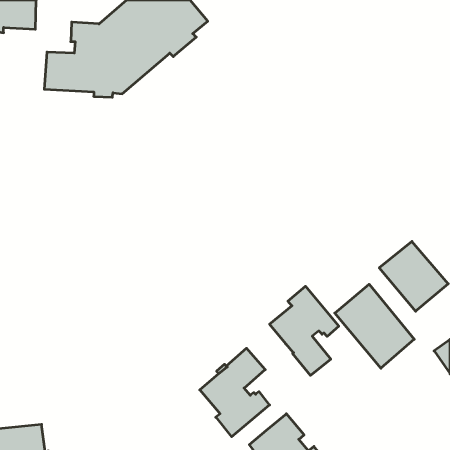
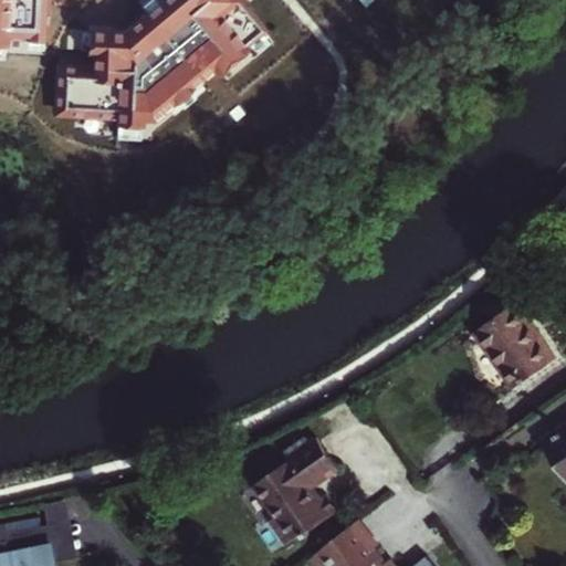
building: [335,284,414,368] -> none
building: [270,286,339,375] -> none

